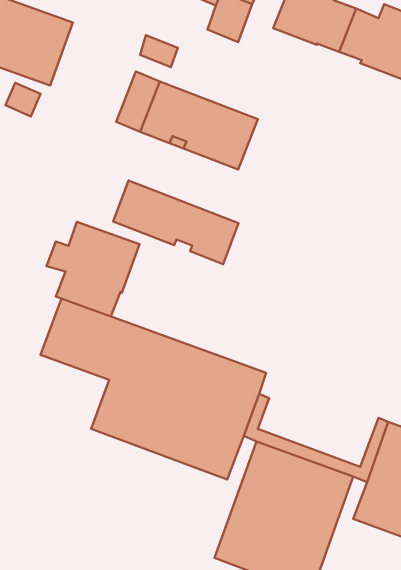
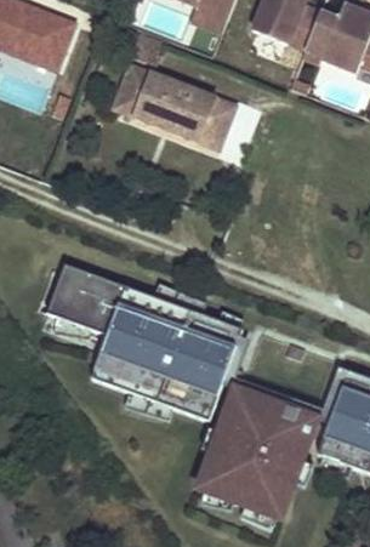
building: [113,181,239,264] -> none
building: [46,222,140,317] -> none

